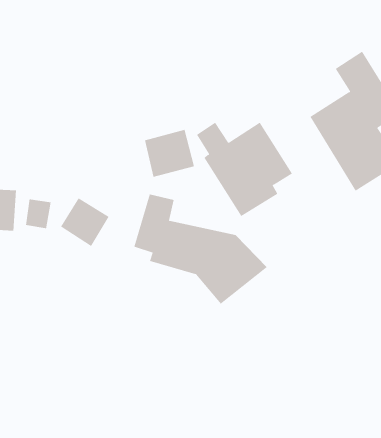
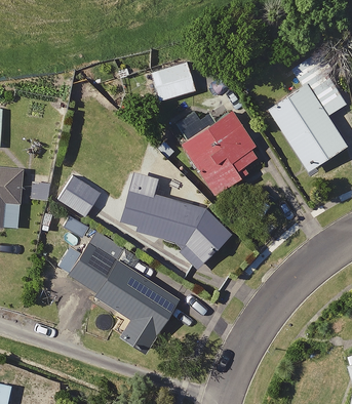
building: [144,129,195,177] -> [149,60,192,102]
building: none -> [65,232,178,353]

